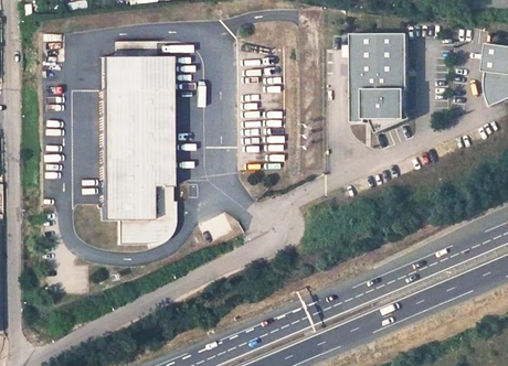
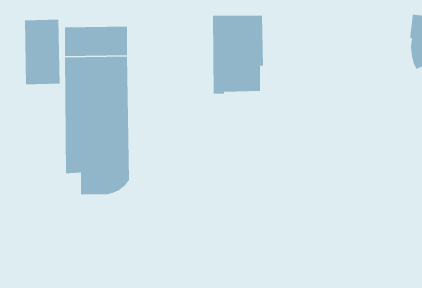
building: [351,33,409,121] -> [212,15,264,94]
building: none -> [24,19,60,85]

